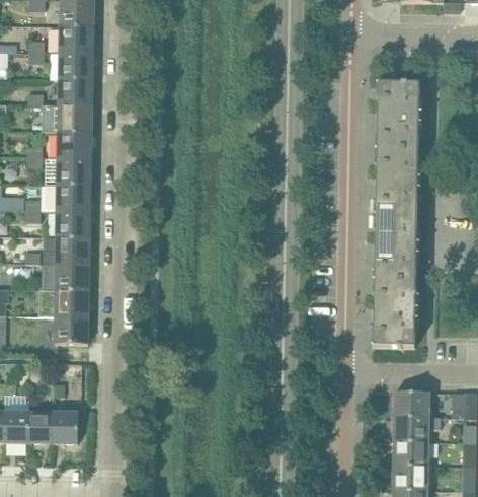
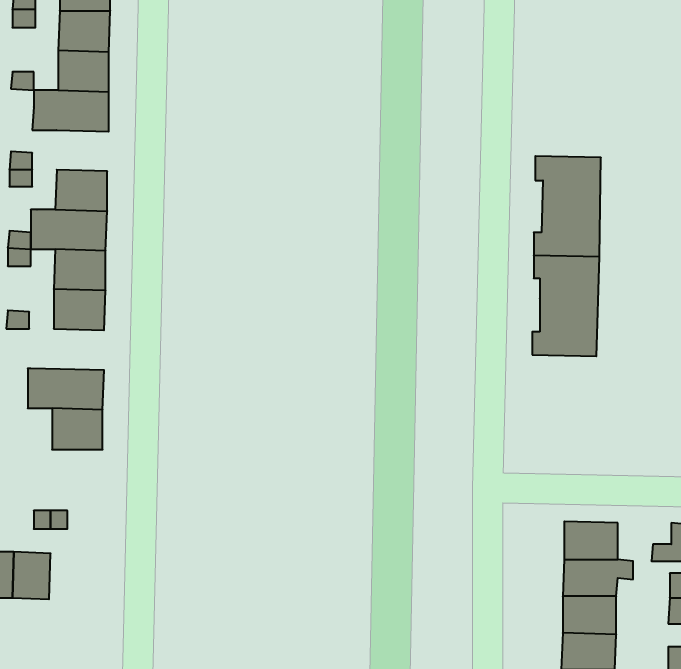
building: [374,82,418,149] -> none
building: [57,131,91,158] -> none
building: [39,263,88,290] -> none
building: [371,280,414,347] -> none
building: [52,412,77,442] -> none

